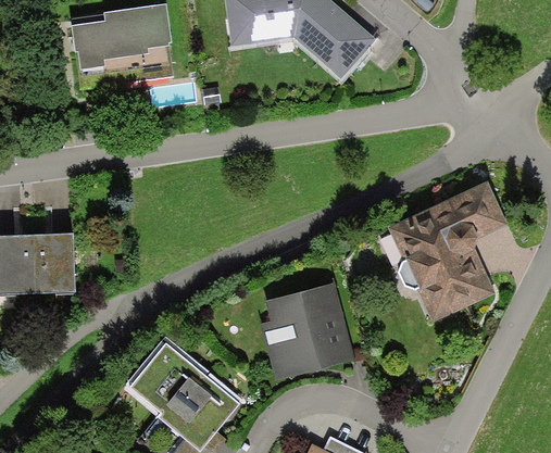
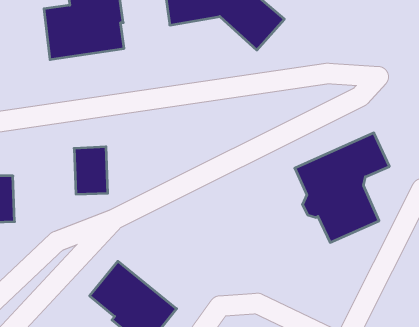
building: [33,234,75,293] -> [74,147,108,194]
building: [260,284,353,378] -> none

